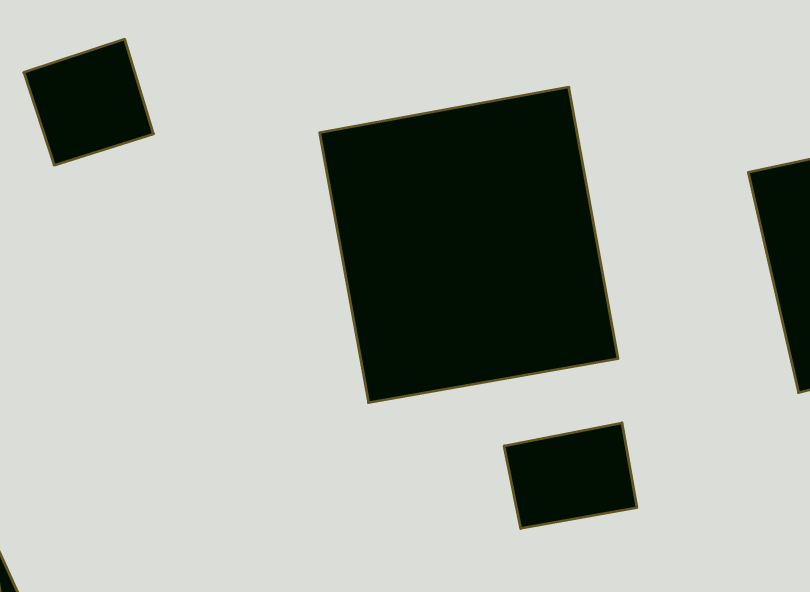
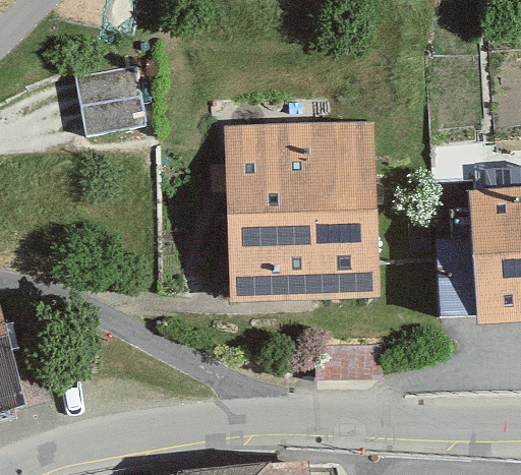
building: [504,423,637,529] -> none

